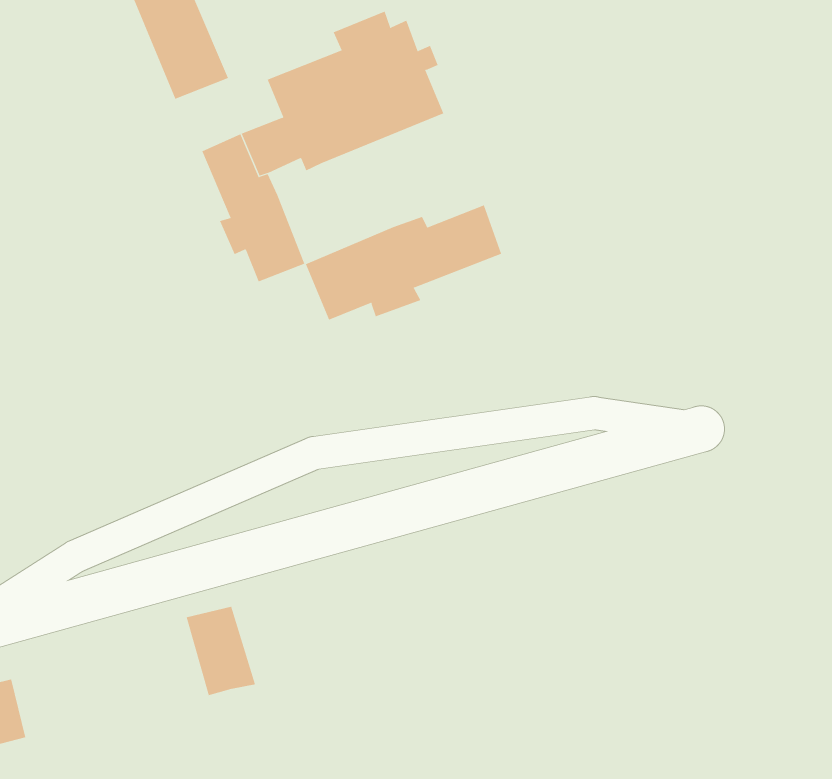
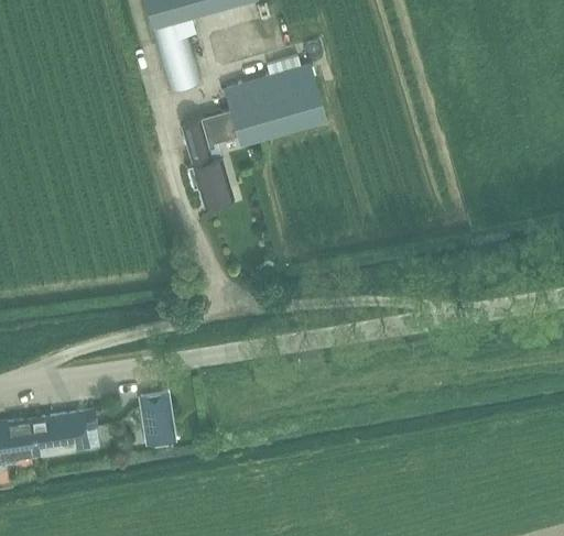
building: [305,204,502,321] -> none
building: none -> [34,413,96,456]

